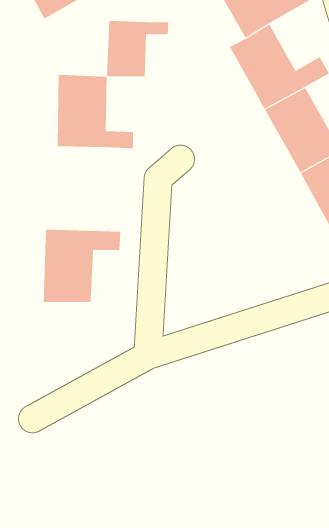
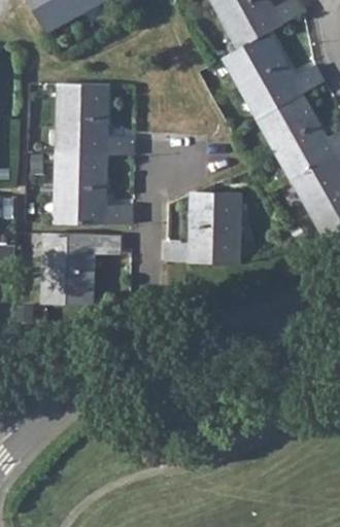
building: [107,20,169,77] -> none
building: none -> [56,152,130,223]
building: none -> [164,192,240,262]

